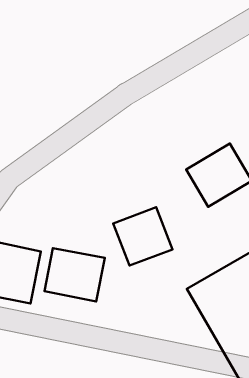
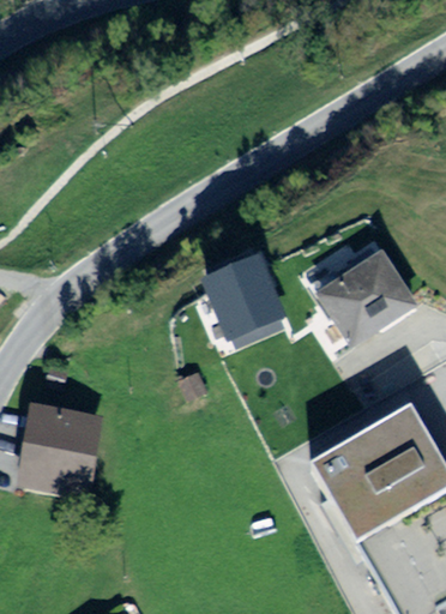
building: [113,207,172,266] -> [201,252,289,338]
building: [44,248,105,302] -> none

